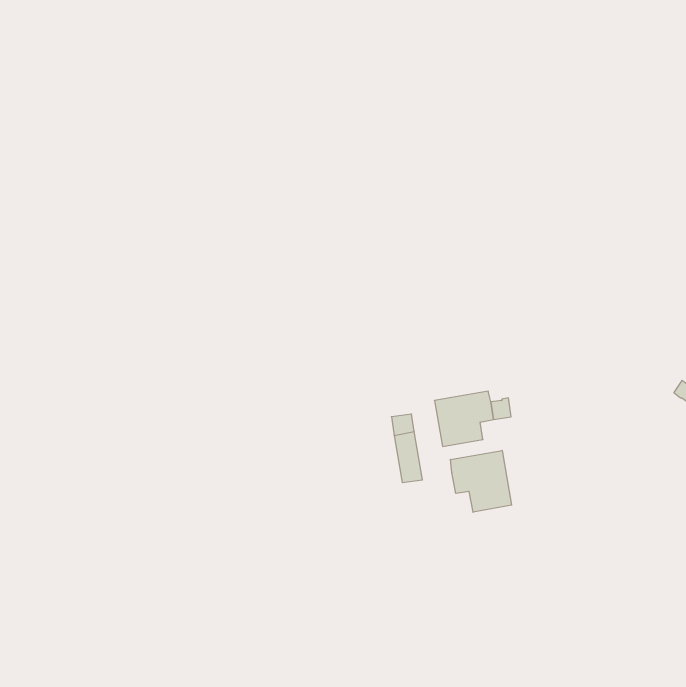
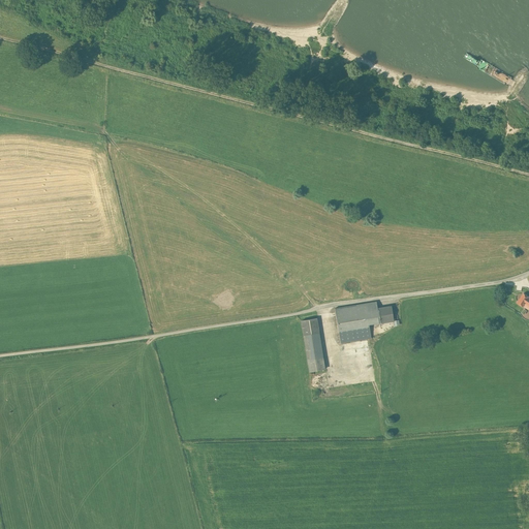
building: [450,450,512,512] -> none

